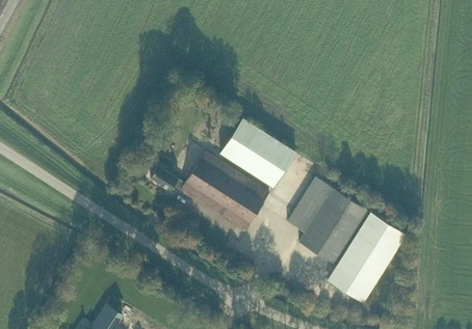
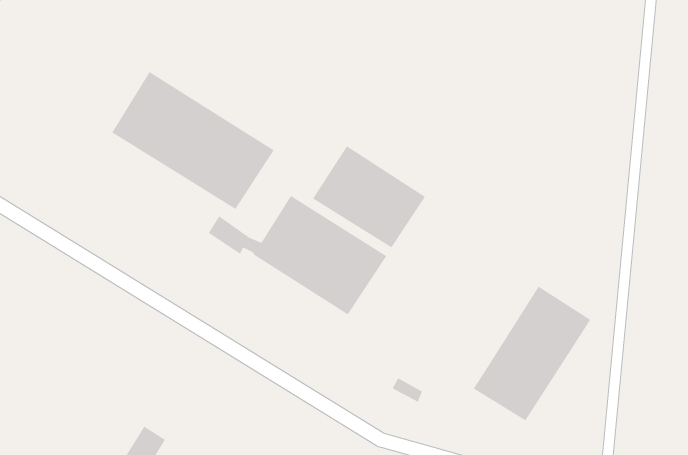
building: none -> [111,71,274,210]
building: [286,177,370,266] -> none

